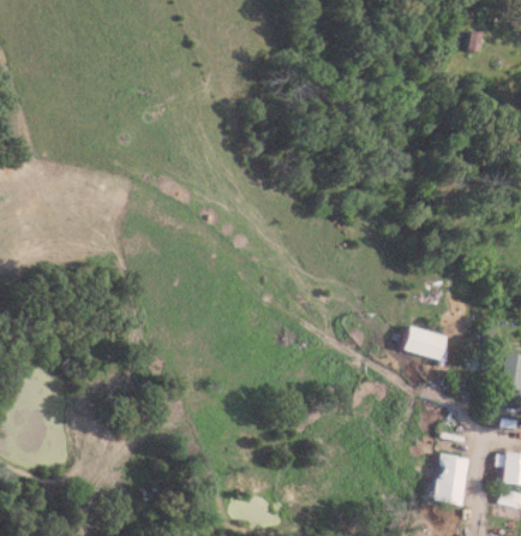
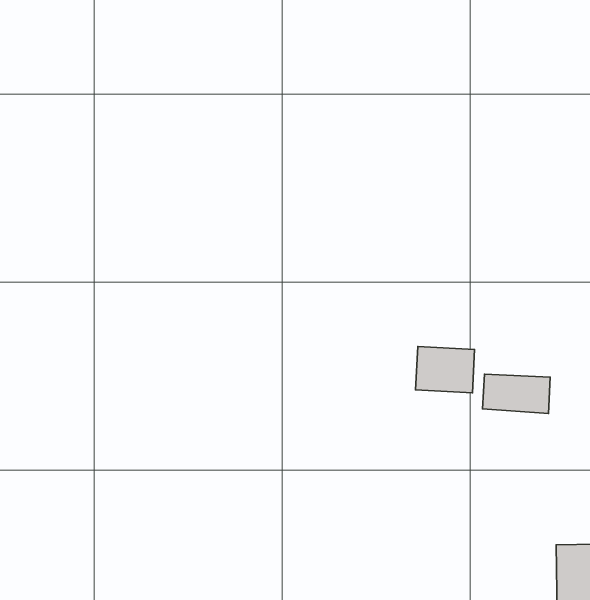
building: none -> [416,347,475,393]

